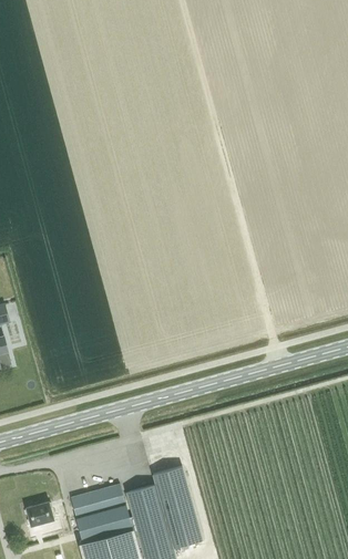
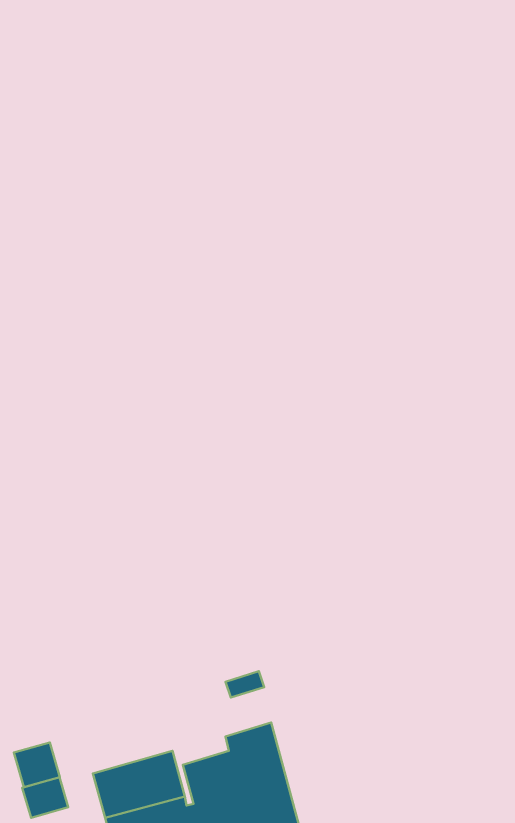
building: none -> [14,743,60,787]

